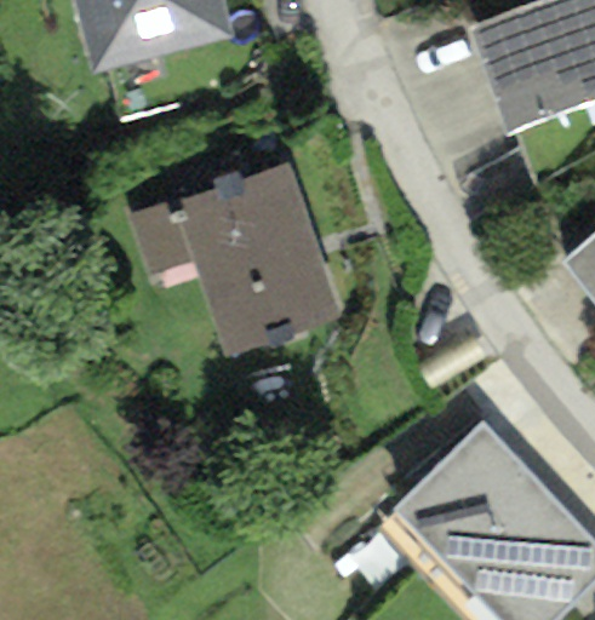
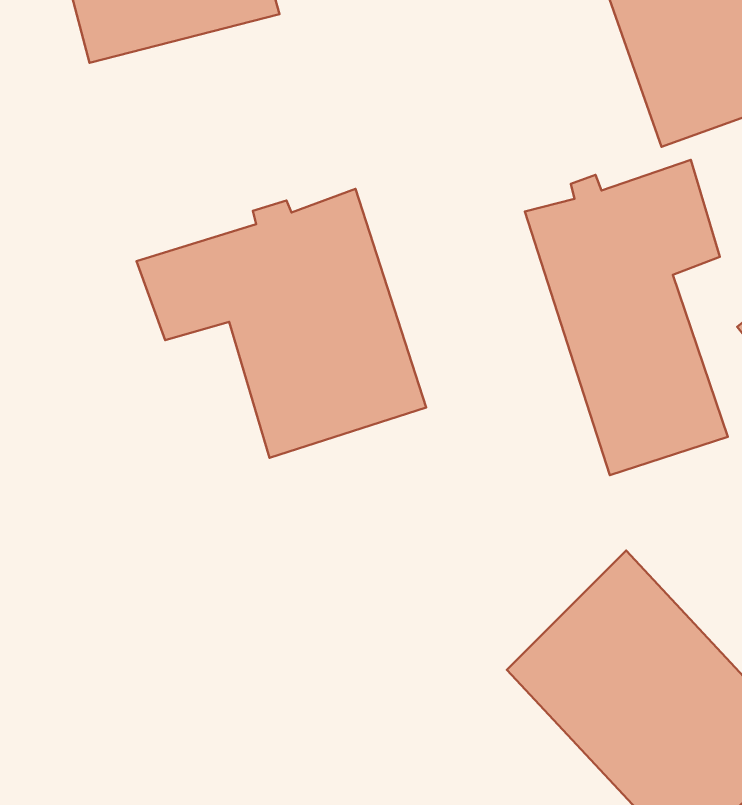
building: none -> [525,160,728,475]

